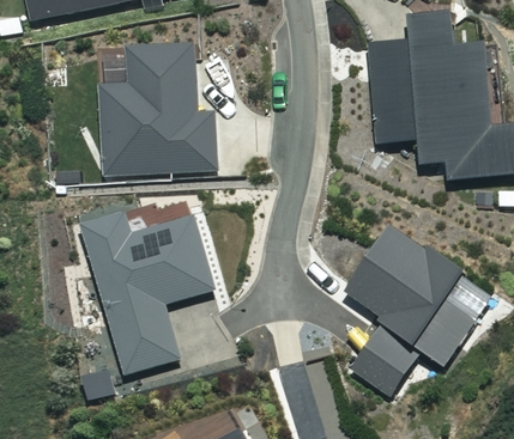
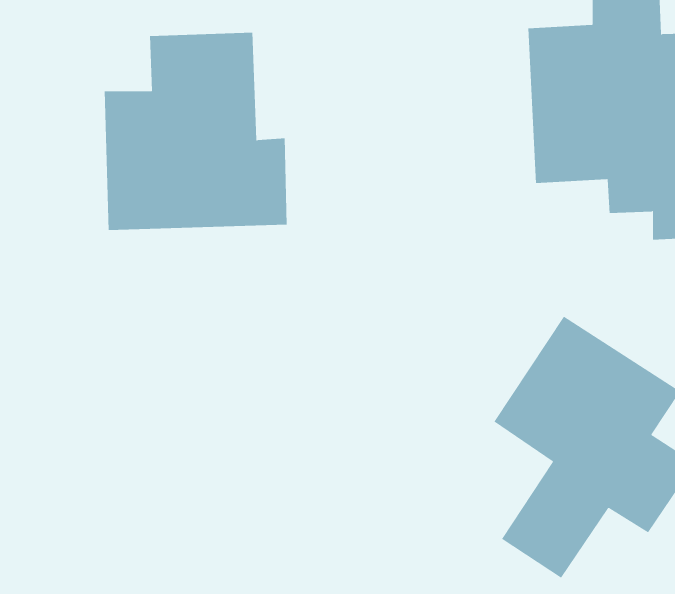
building: [68,207,205,366] -> none

